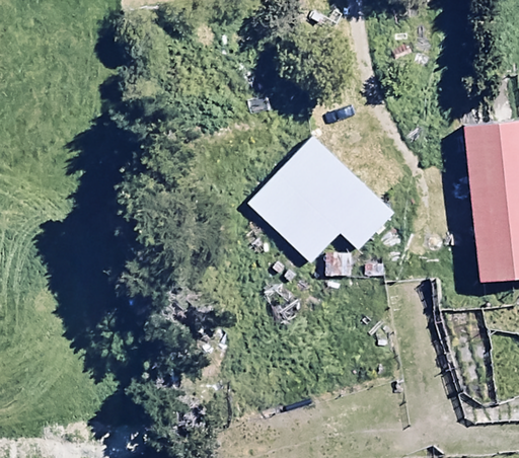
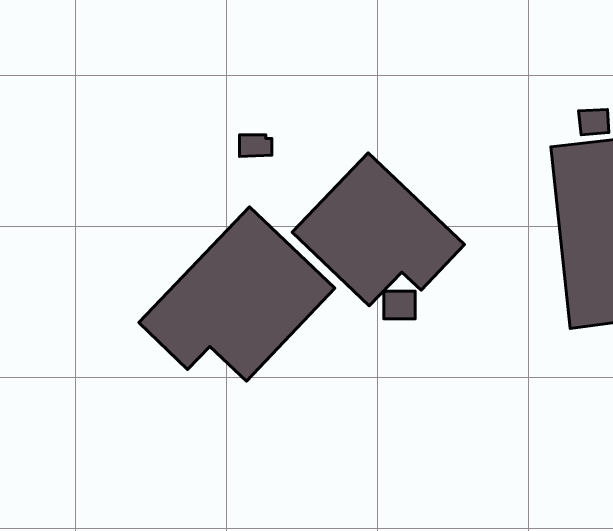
building: none -> [139,207,335,381]

